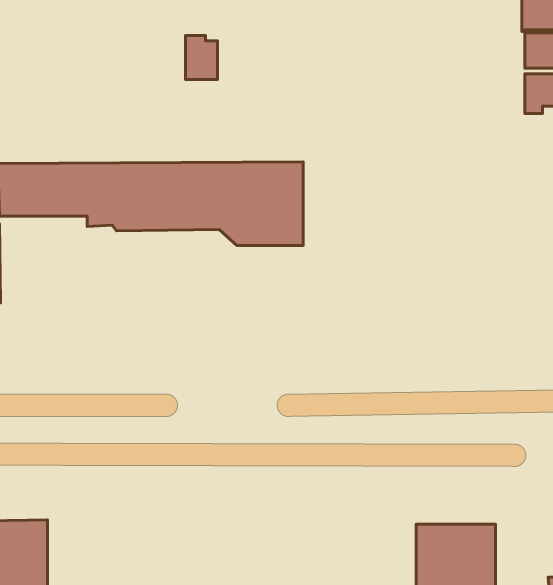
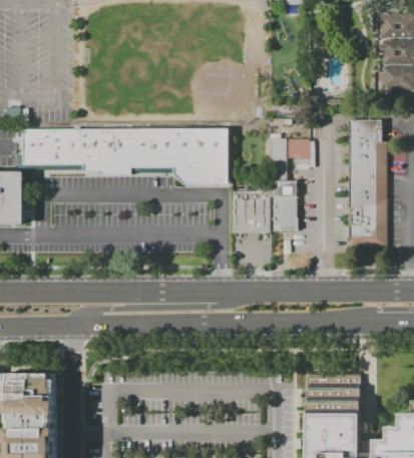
building: [185,35,218,80] -> none
building: none -> [347,122,383,248]
building: none -> [231,133,308,233]

